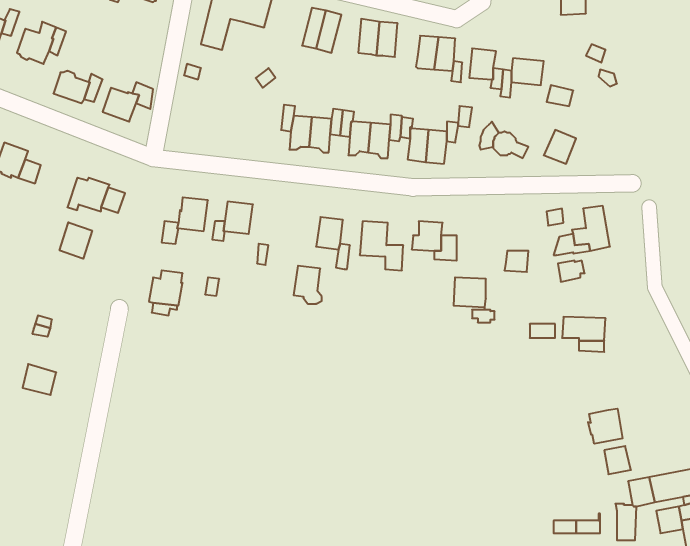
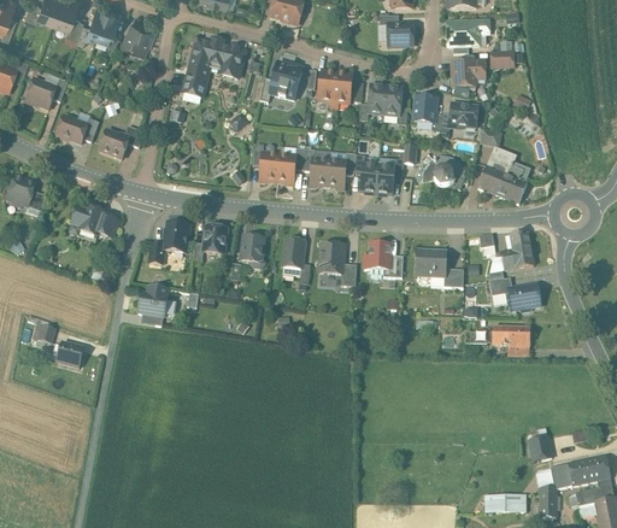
building: none -> [452,59,484,88]
building: none -> [487,154,528,204]
building: [60,222,92,259] -> none
building: [294,266,322,304] -> [241,235,265,268]
building: none -> [509,283,540,311]
building: [454,277,486,310] -> [418,251,446,278]
building: [23,364,56,395] -> [57,341,86,368]
building: [588,409,623,444] -> none

